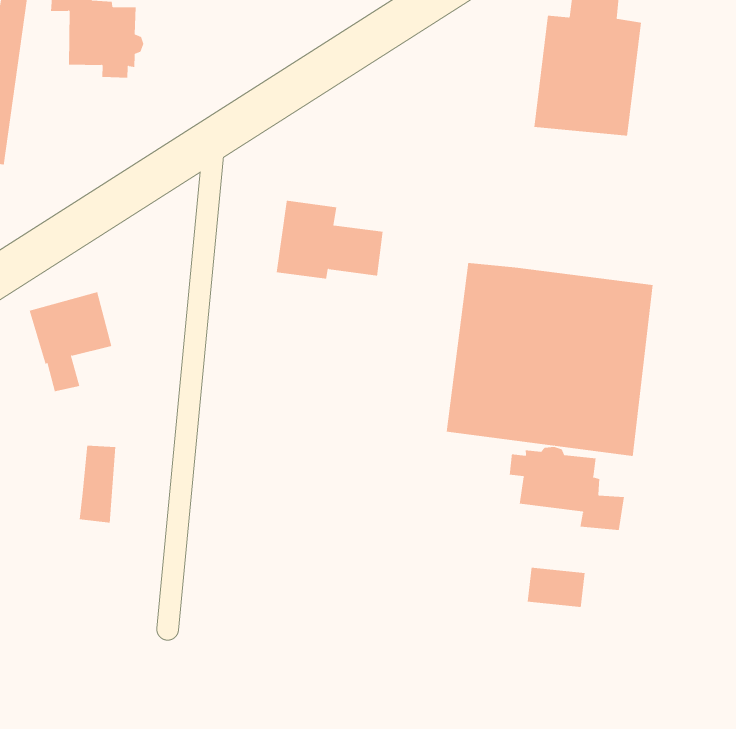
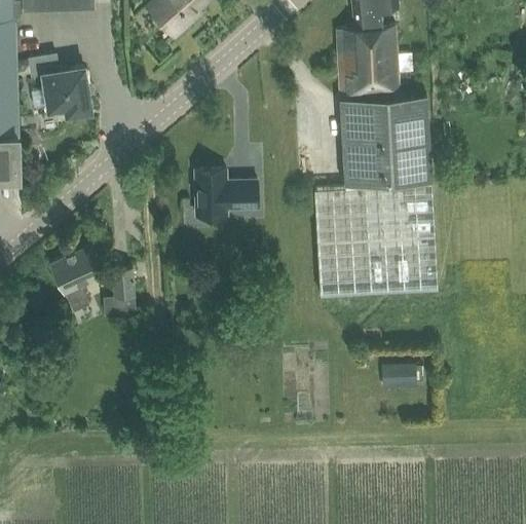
building: none -> [340,95,429,188]
building: [79,445,116,523] -> [113,266,136,314]
building: [509,446,625,531] -> none

